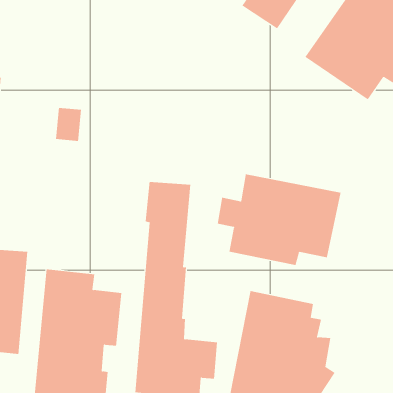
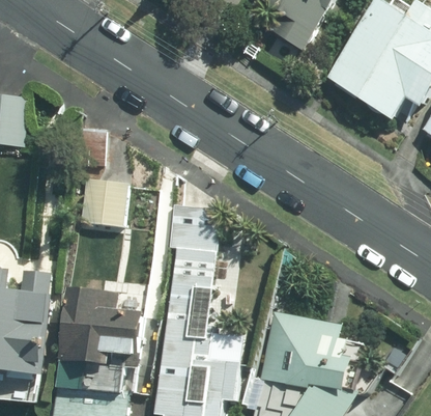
building: none -> [77,177,124,224]
building: [217,174,341,266] -> none

